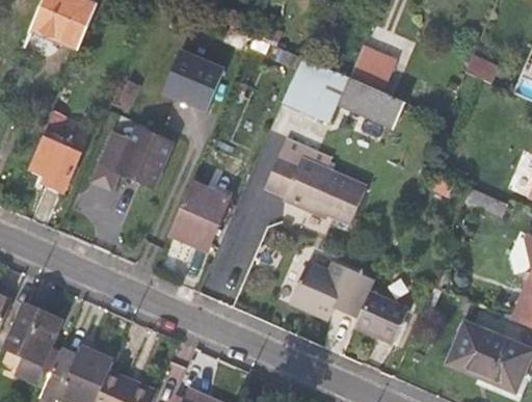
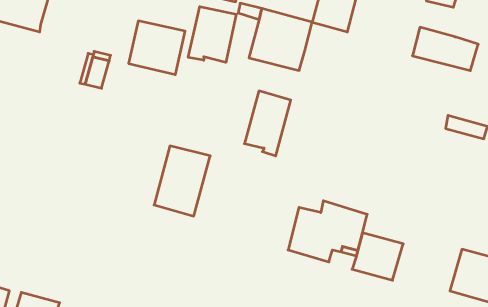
building: none -> [188,7,236,62]
building: [338,78,404,128] -> [412,27,478,71]
building: [30,111,81,194] -> none
building: [94,127,171,186] -> none
building: [294,152,366,223] -> none

